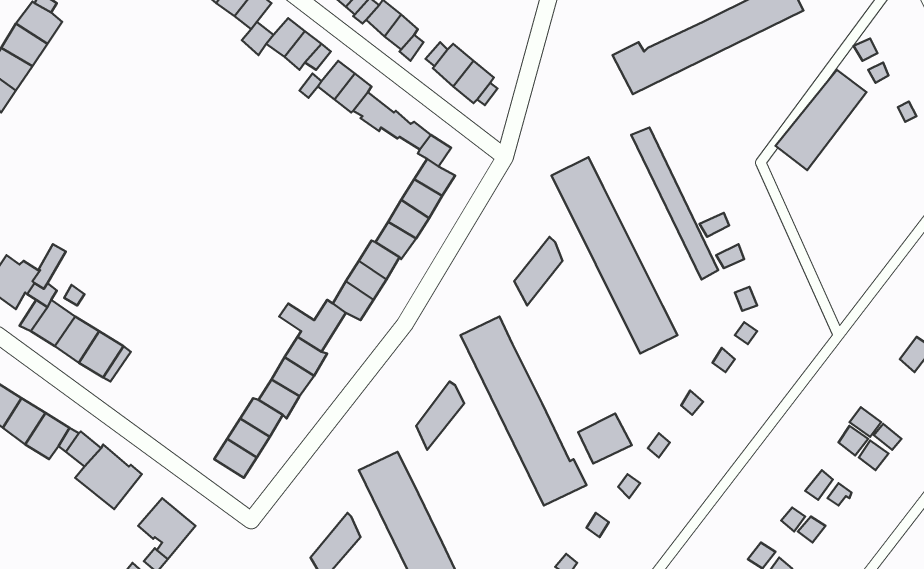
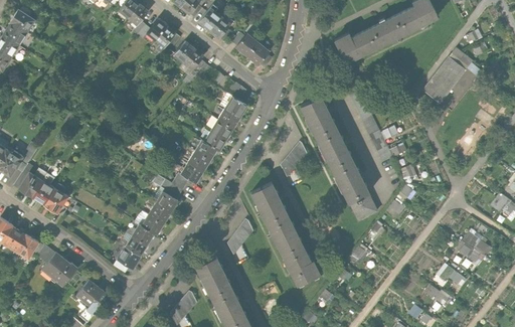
building: [578,414,632,464] -> [348,191,377,218]

